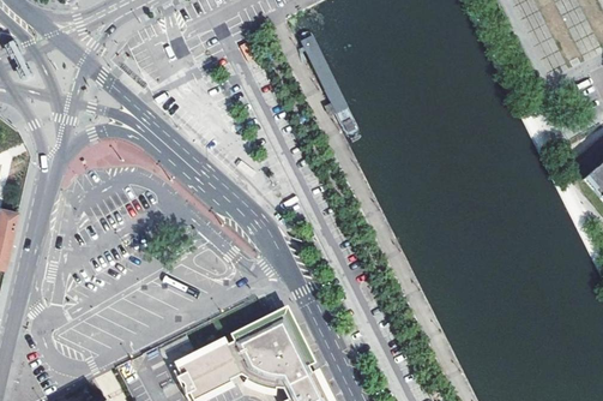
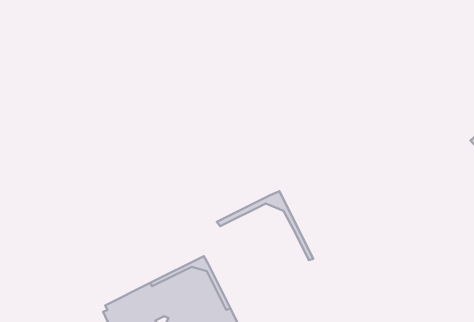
building: none -> [217,191,313,260]

